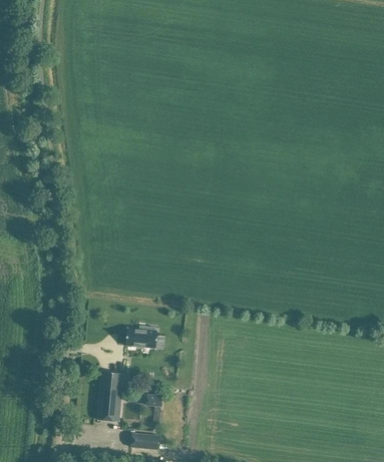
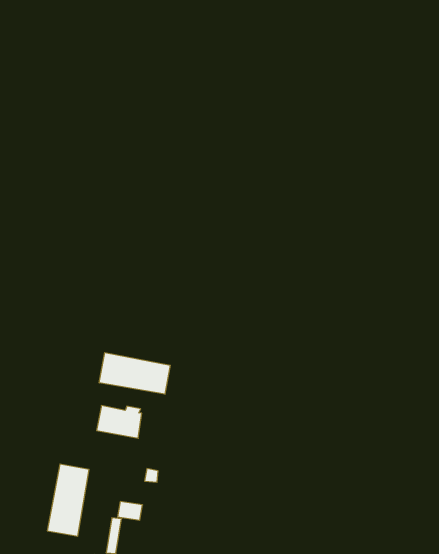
building: none -> [99,353,170,394]

